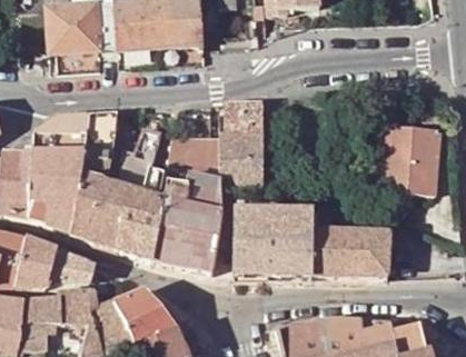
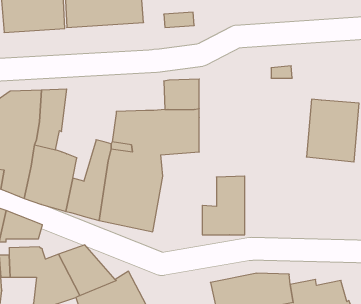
building: [118,129,161,217] -> none
building: [234,211,282,276] -> none
building: [314,231,387,276] -> none

